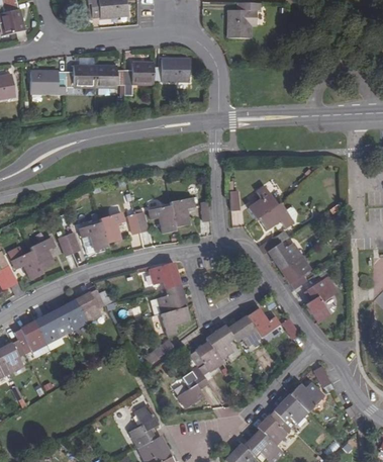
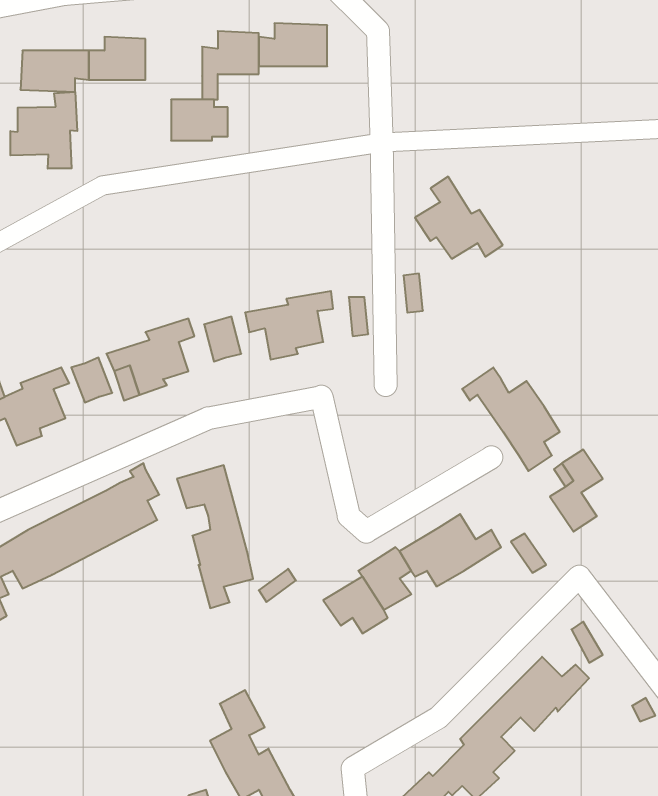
building: [96,66,125,87] -> [171,100,228,141]
building: none -> [10,92,77,169]
building: [249,186,294,228] -> [415,177,503,259]
building: [151,263,190,337] -> [177,465,253,608]
building: [177,369,207,409] -> none

